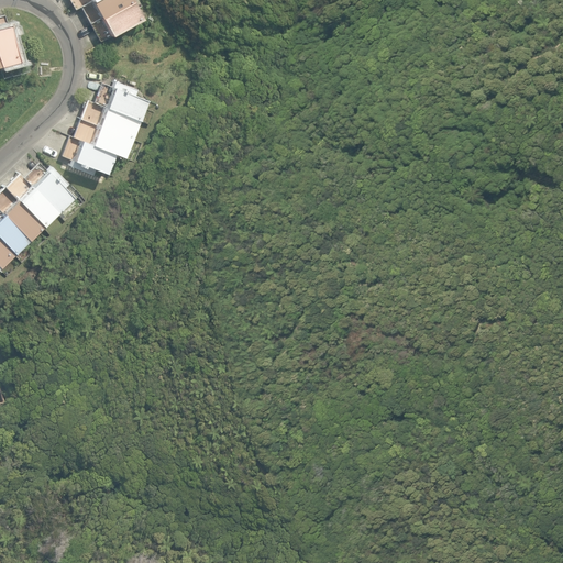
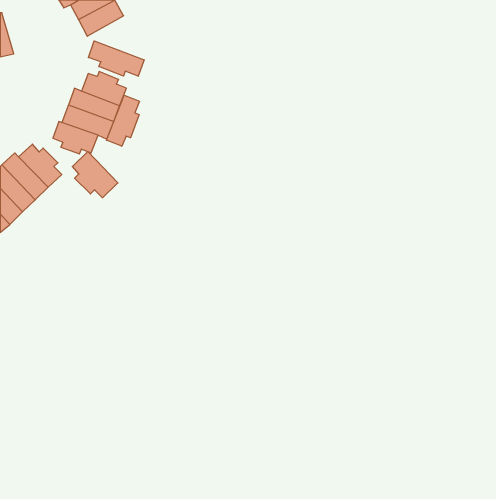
building: none -> [88,41,144,76]
building: none -> [106,95,139,146]
building: none -> [72,152,118,198]

